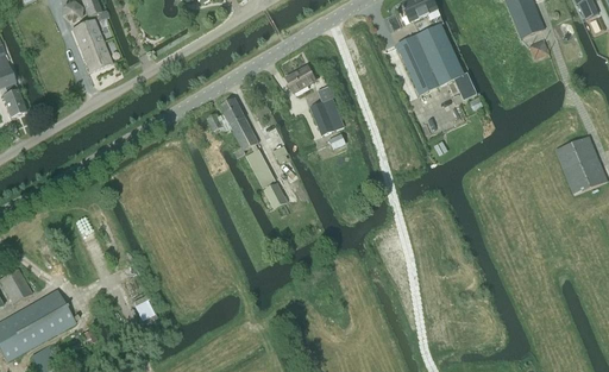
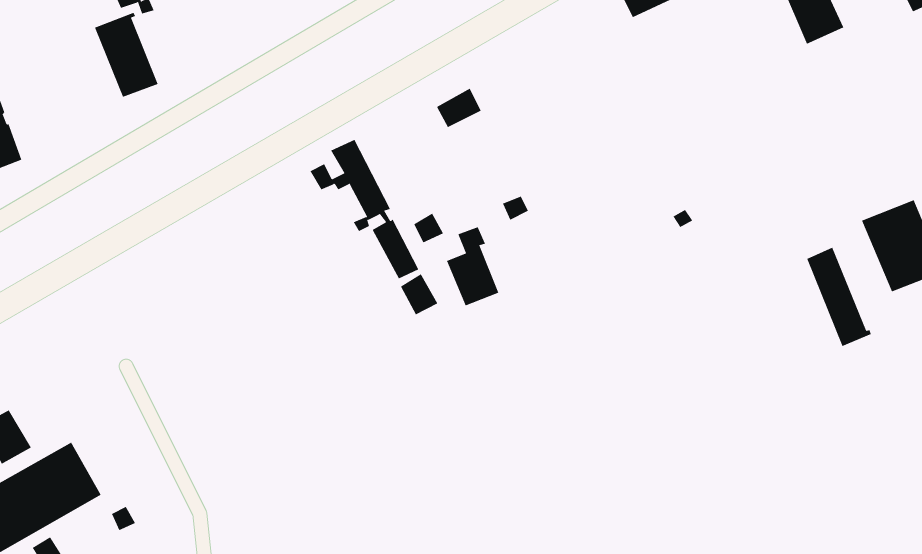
building: [396,23,477,99] -> none
building: [310,84,344,134] -> [446,227,499,306]
building: none -> [806,247,872,347]

